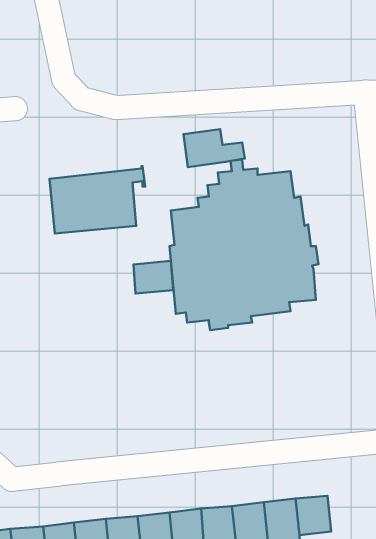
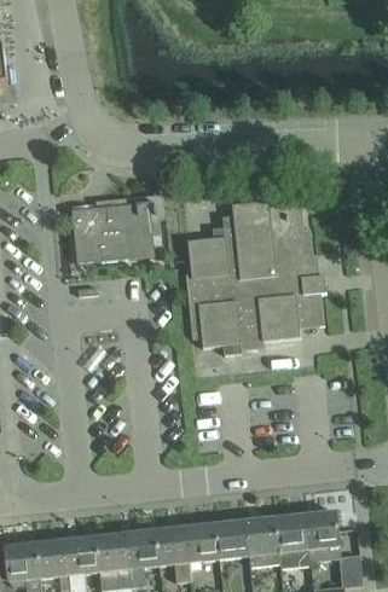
building: [184,129,245,167] -> none
building: [133,261,173,294] -> none

